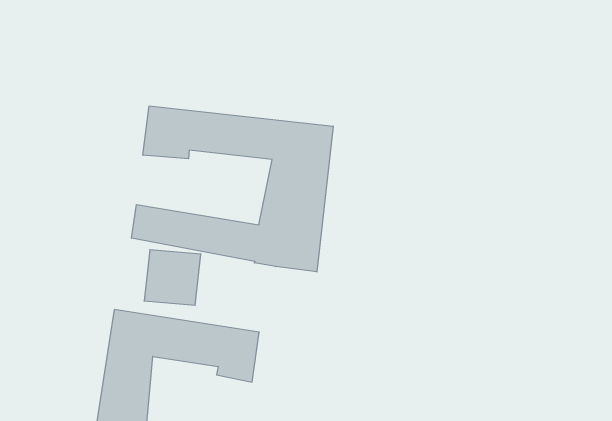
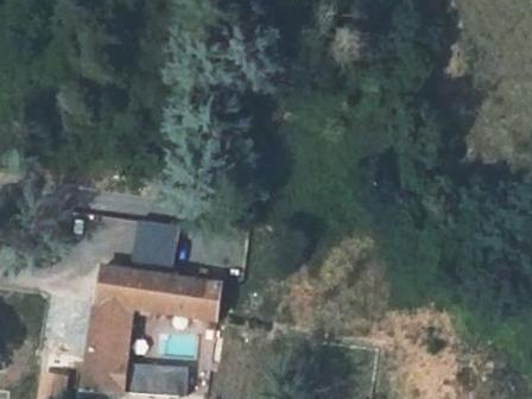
building: [132,106,333,272] -> none

